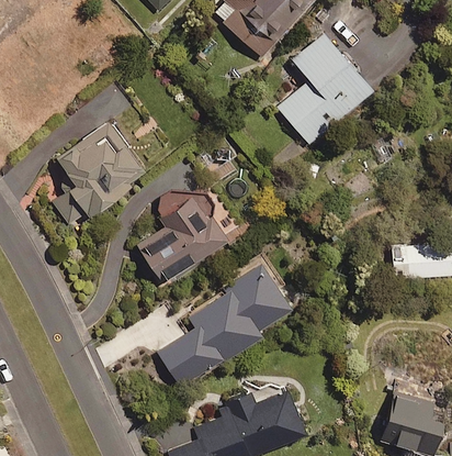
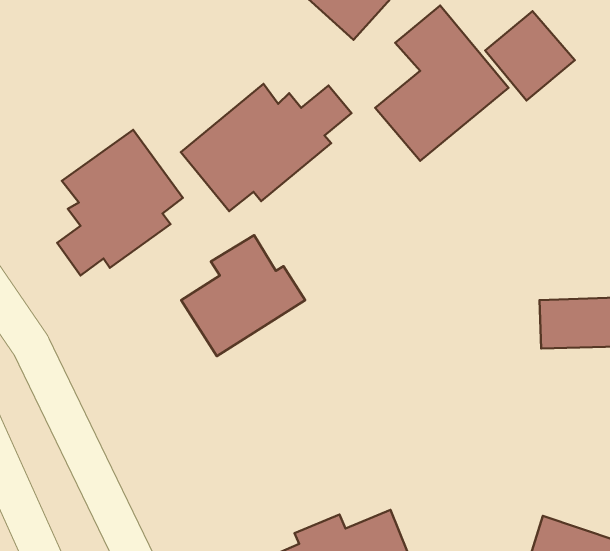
building: none -> [485,11,575,100]
building: none -> [181,84,352,211]
building: [158,259,289,389] -> none

